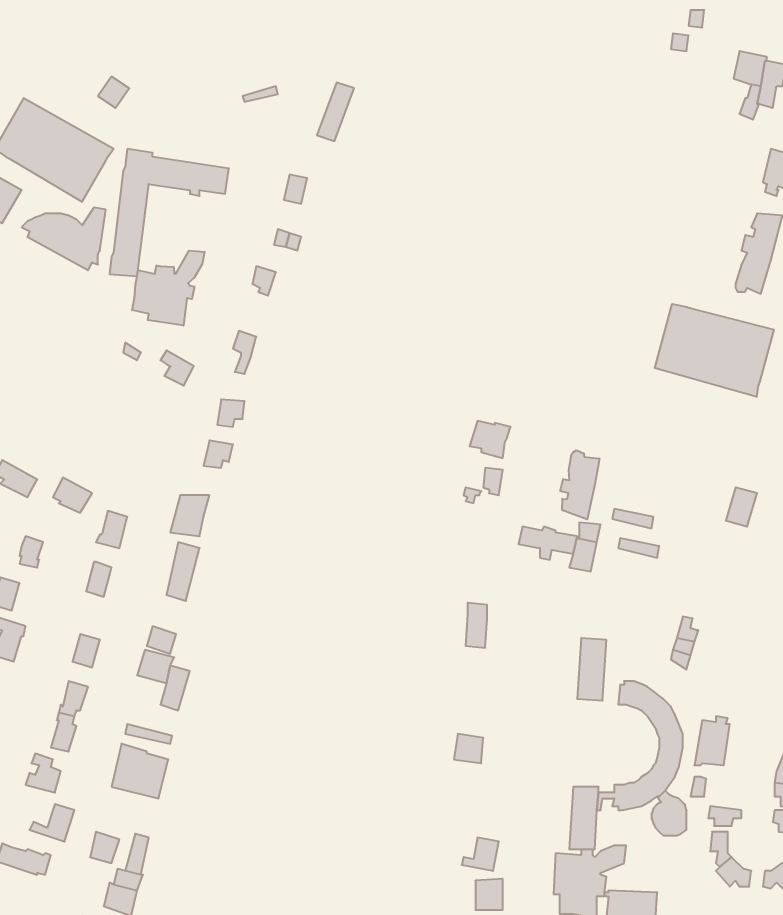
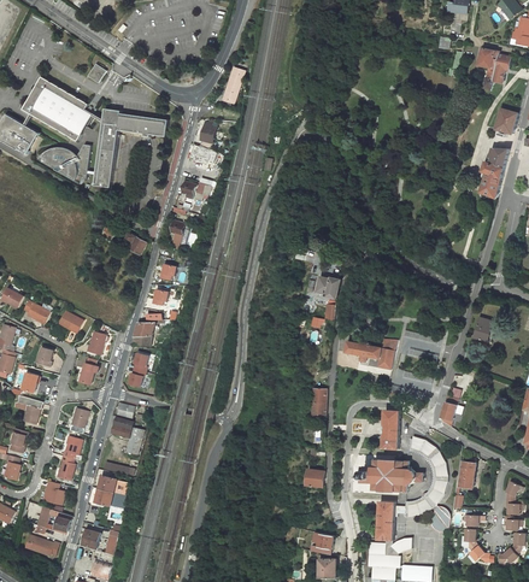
building: [132,251,205,326] -> none
building: [655,304,774,397] -> none
building: [560,450,600,519] -> none
building: none -> [363,458,423,492]

